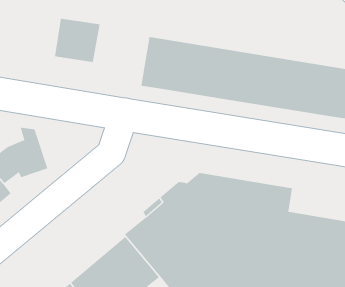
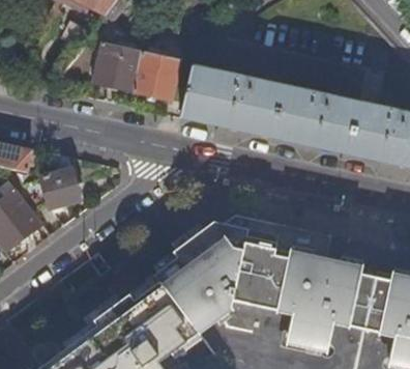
building: none -> [134,52,182,101]

